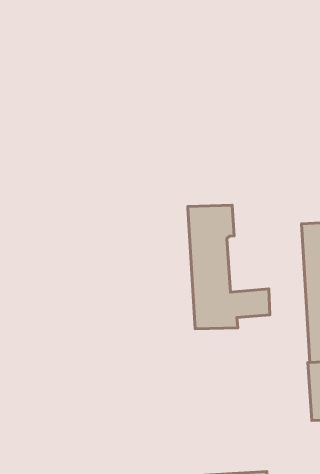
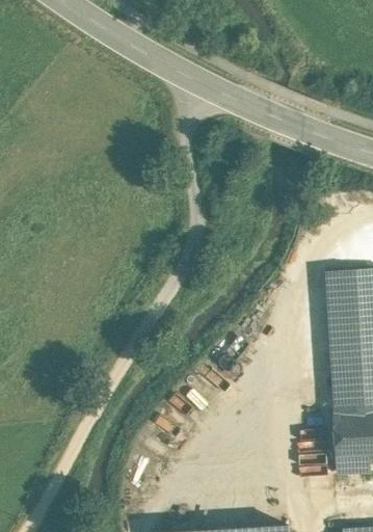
building: [188,205,270,329] -> none

